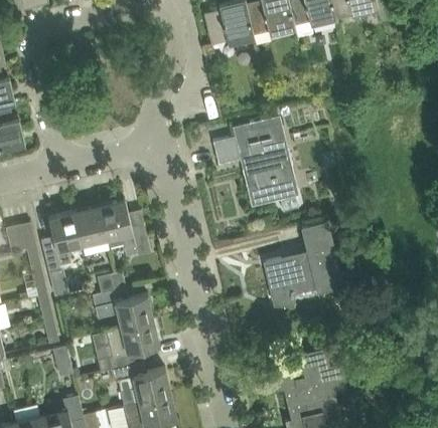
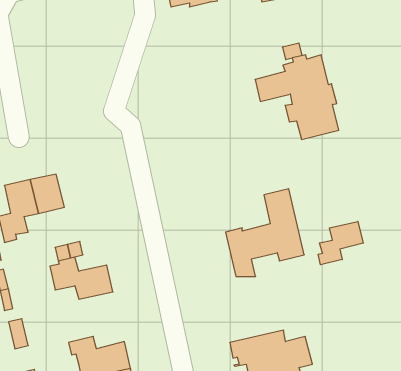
building: [213,121,295,203] -> [255,55,339,140]
building: [98,202,150,259] -> none
building: none -> [318,221,363,265]
building: [98,323,160,374] -> none

